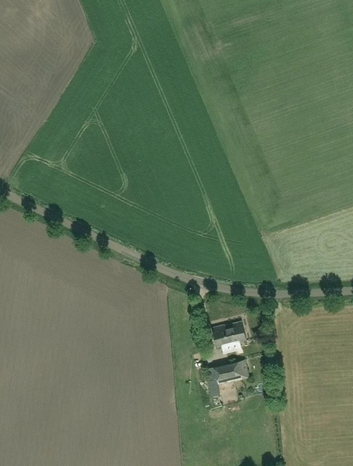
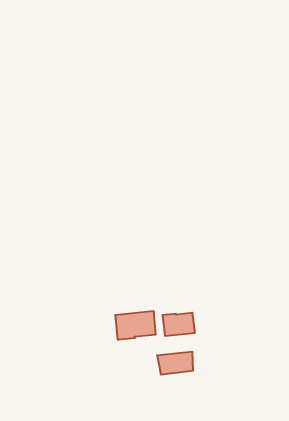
building: none -> [115,311,156,340]

